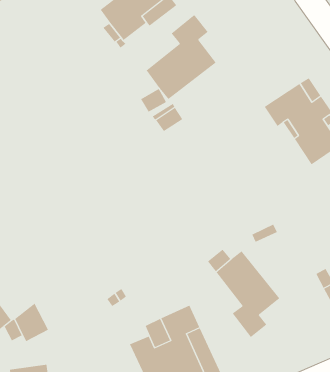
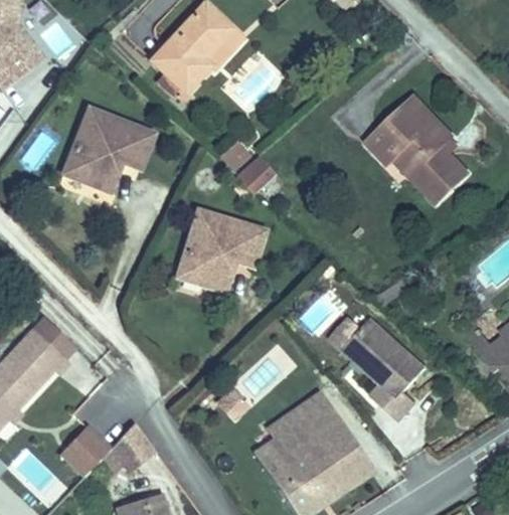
building: [146,14,216,100] -> none
building: none -> [63,108,153,190]
building: none -> [178,209,265,291]

